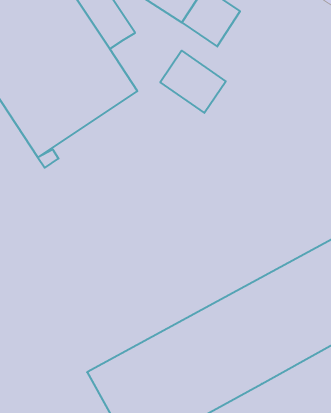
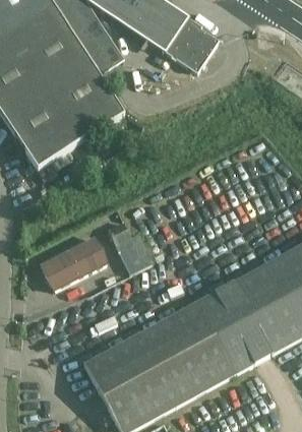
building: [160,51,226,113] -> none
building: none -> [108,221,154,272]
building: none -> [43,236,107,288]

